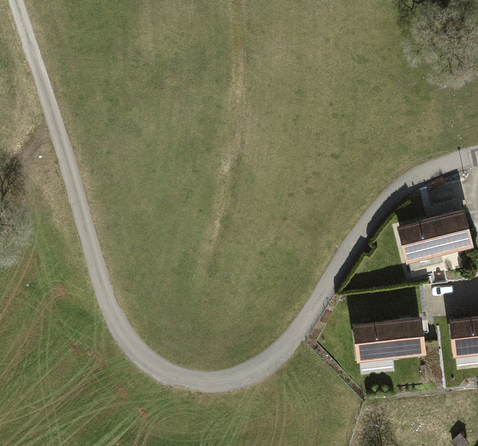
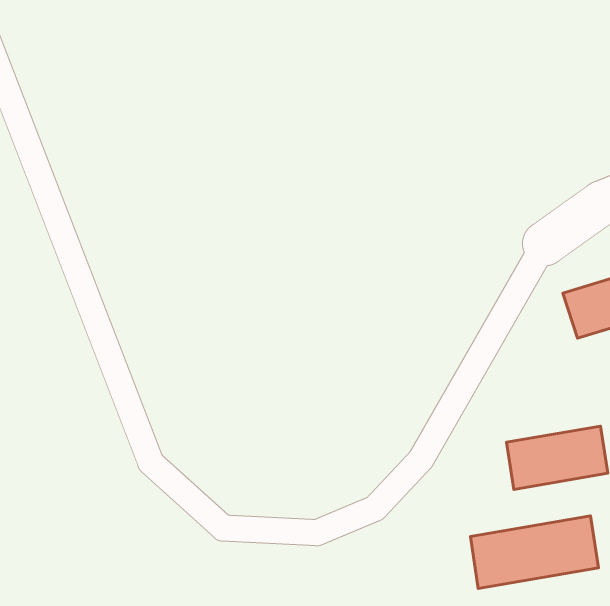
building: none -> [470,516,598,588]

